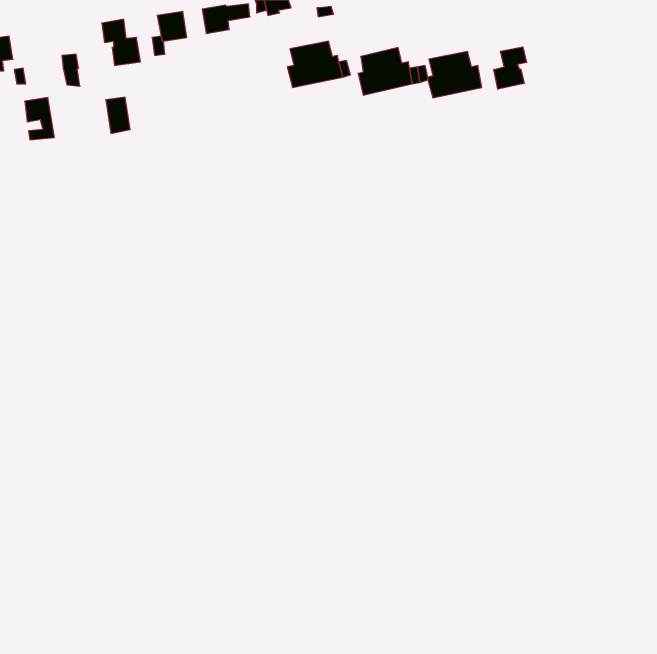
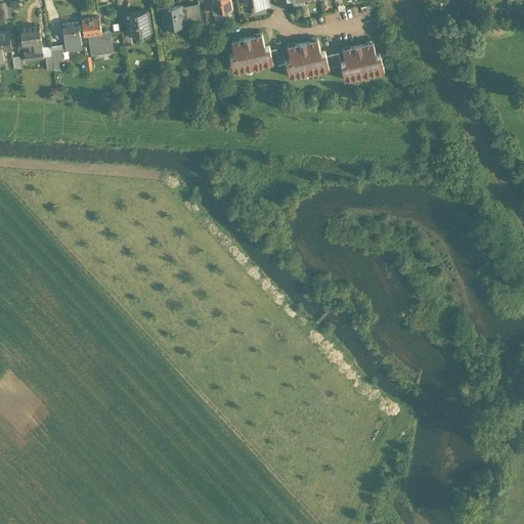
building: [494,47,527,89] -> none
building: [106,97,130,133] -> [61,24,81,52]
building: [25,97,54,140] -> [19,28,43,61]

